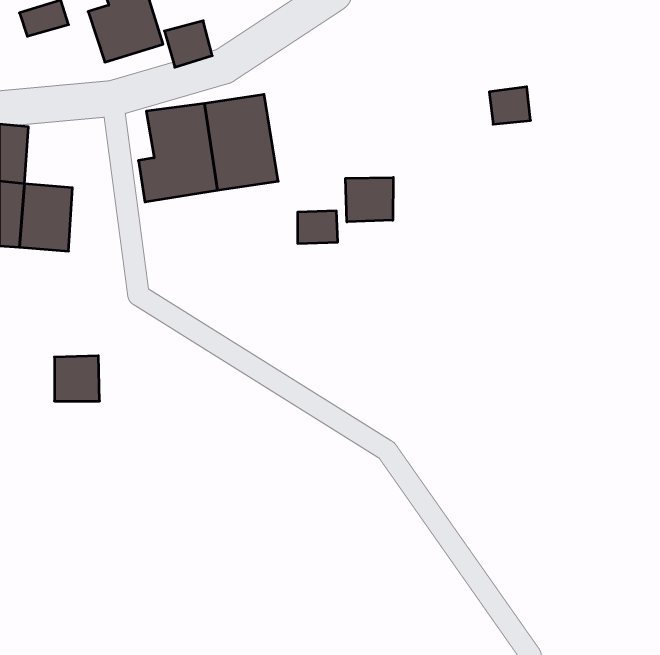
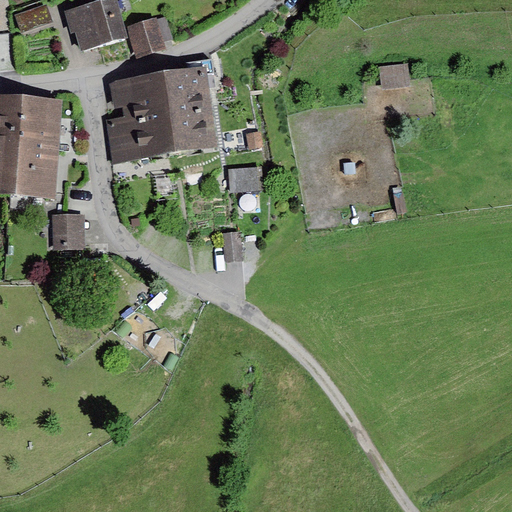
building: none -> [19,98,59,145]
building: [346,177,393,222] -> none
building: [54,356,100,401] -> [51,217,86,252]

